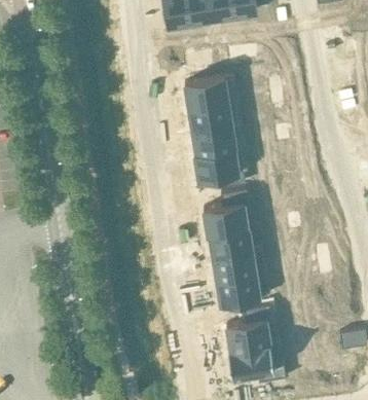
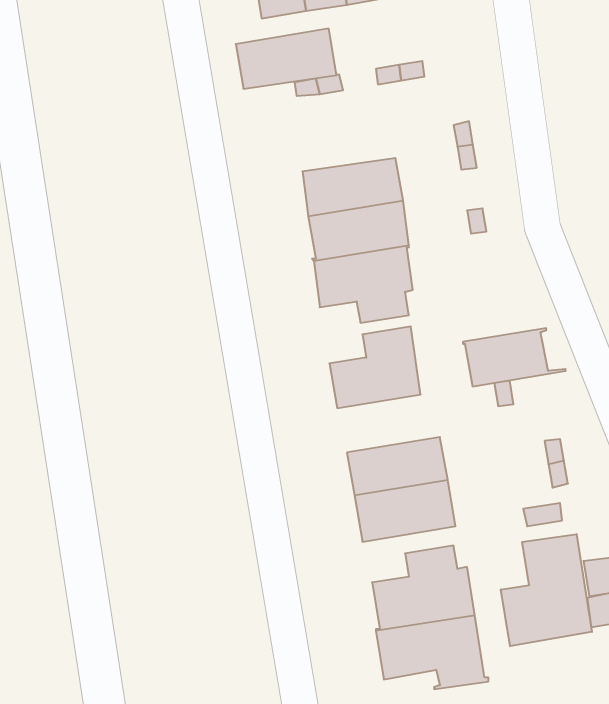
building: [183,78,236,110] -> [236,29,336,89]
building: [206,228,260,259] -> [463,328,566,386]
building: none -> [501,534,592,646]

